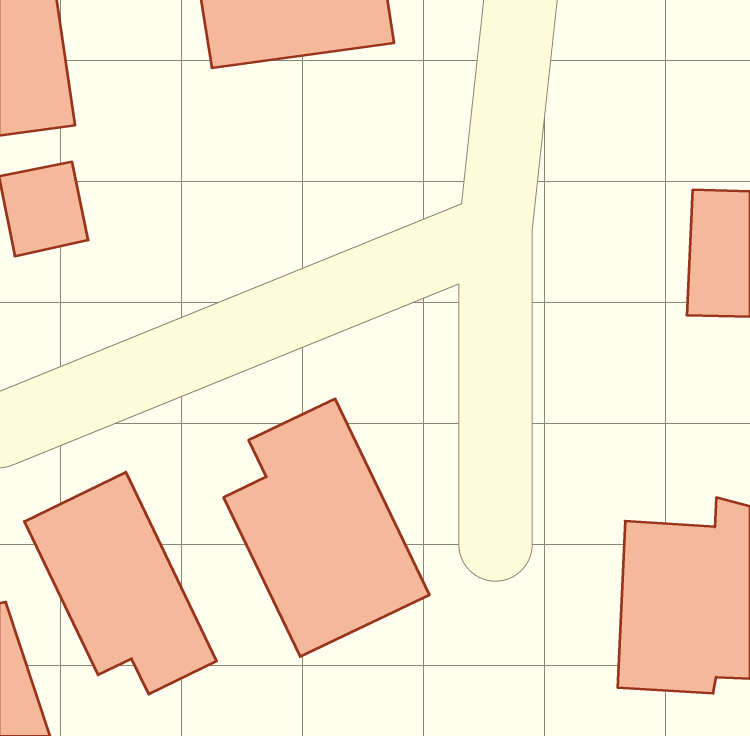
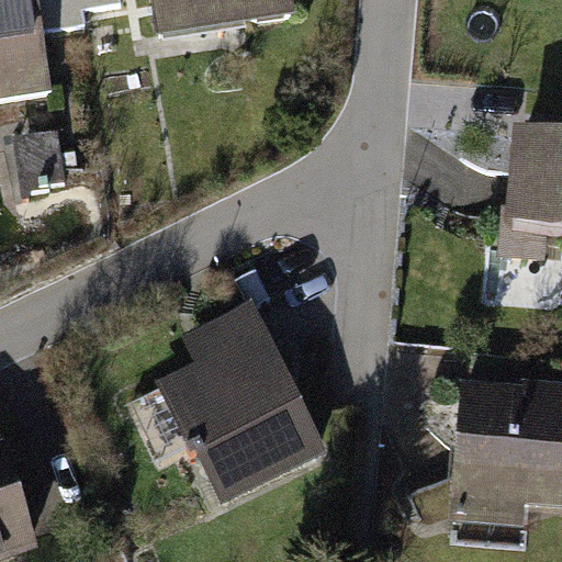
building: [24,472,217,694] -> none

